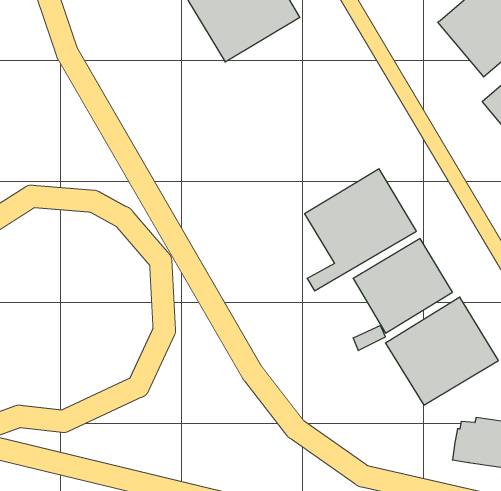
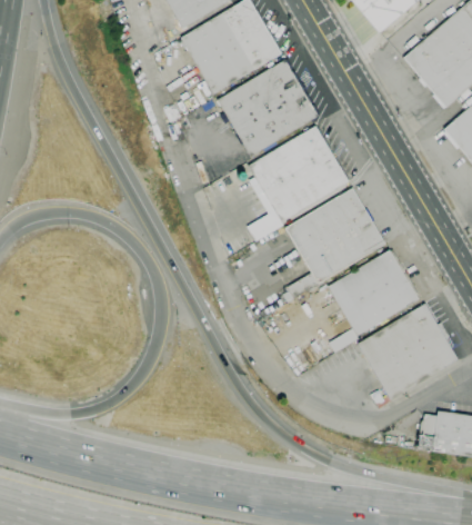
building: none -> [219,59,319,155]
building: none -> [249,126,349,240]

